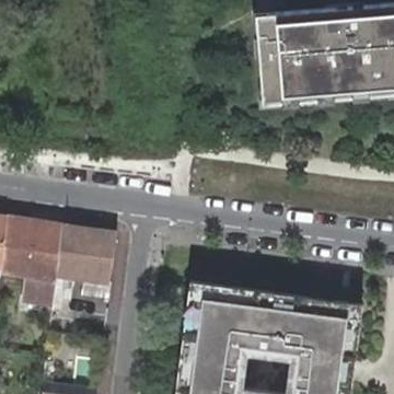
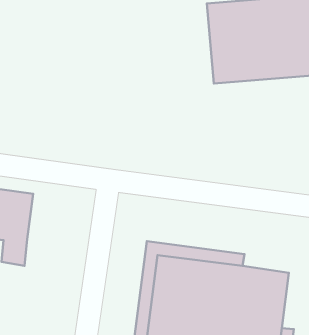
building: [56,225,116,282] -> none

